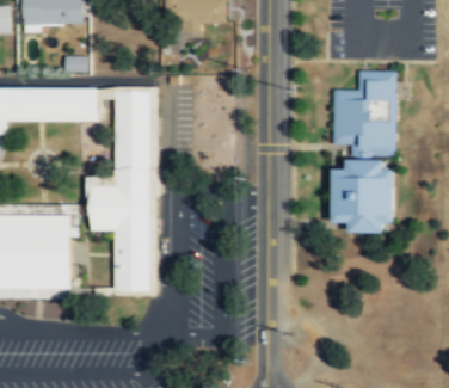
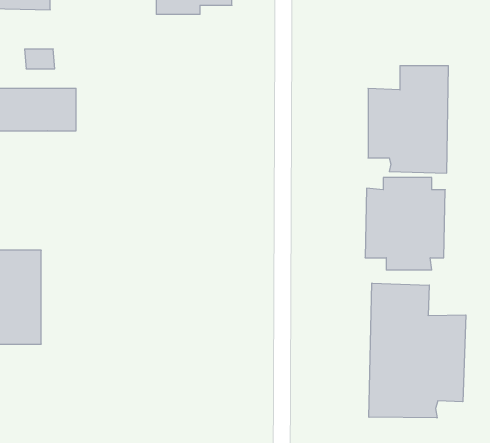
building: [88,86,150,290] -> none
building: none -> [369,283,466,418]

